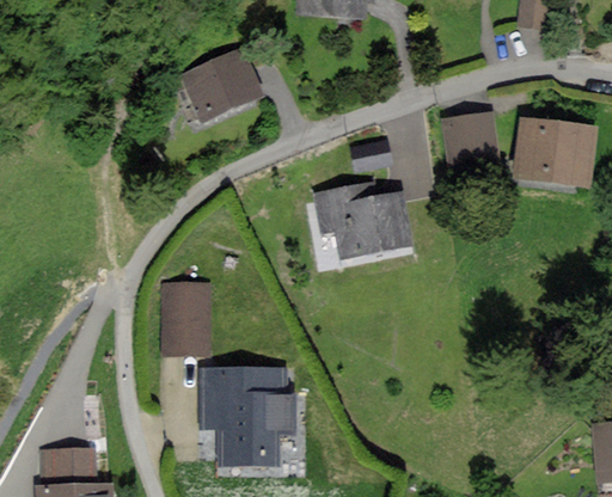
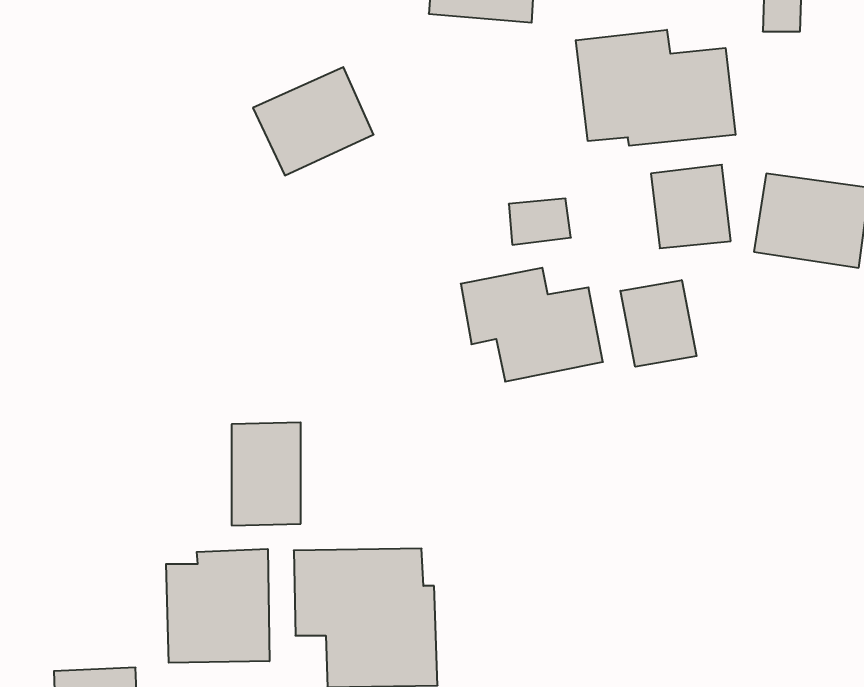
building: none -> [576,30,735,146]
building: none -> [620,280,697,367]
building: none -> [166,549,269,663]

